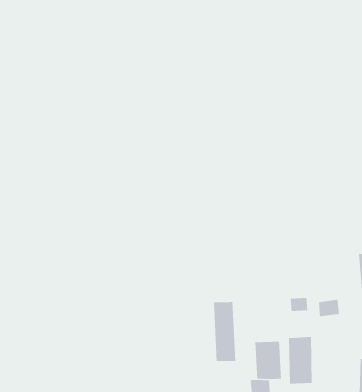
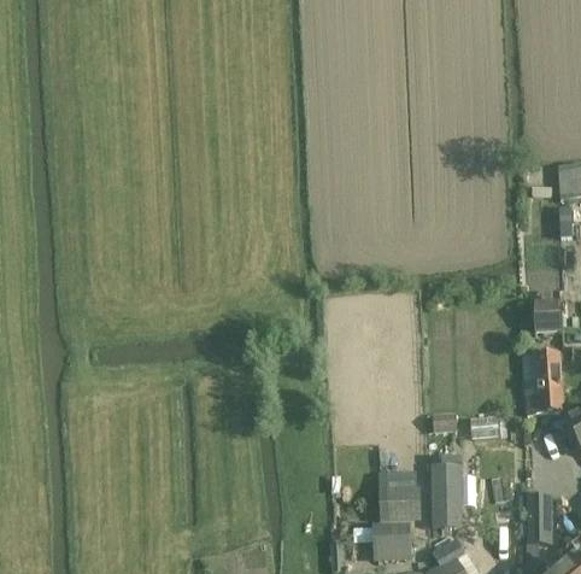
building: [213,301,236,362] -> none

